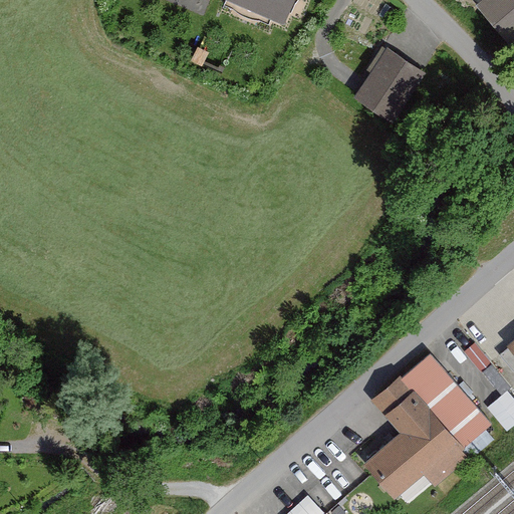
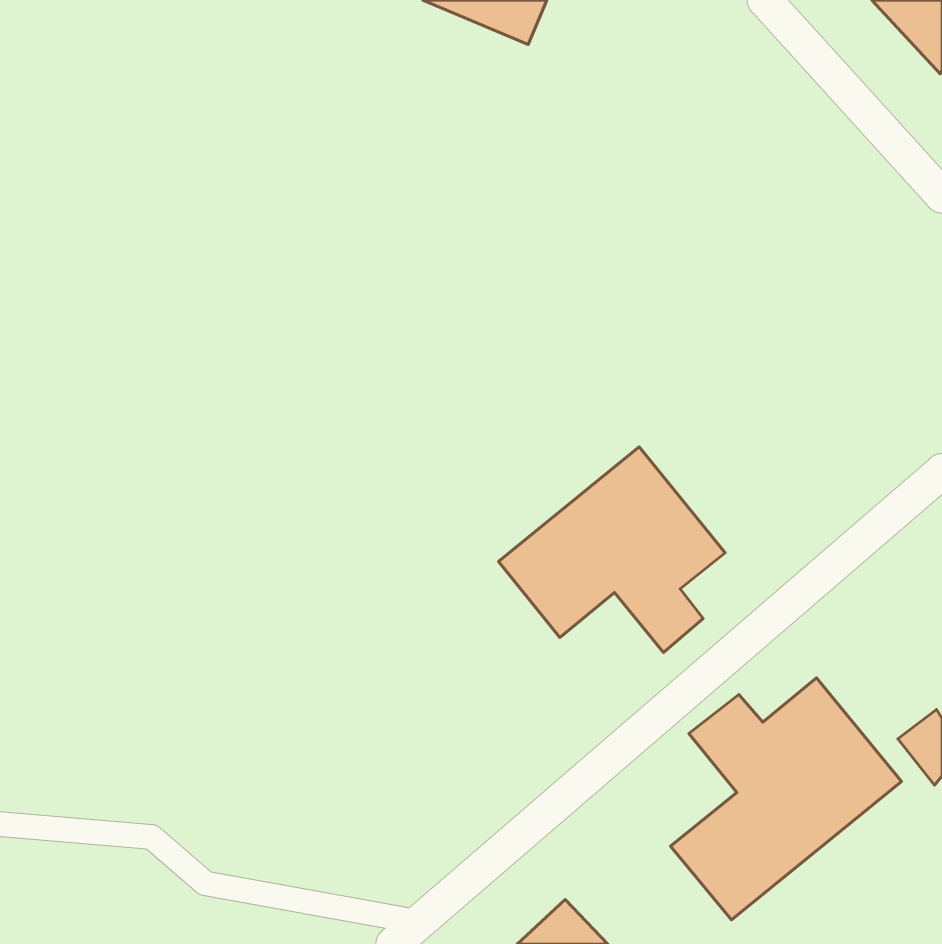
building: [352,50,423,125] -> none
building: none -> [499,447,725,653]

